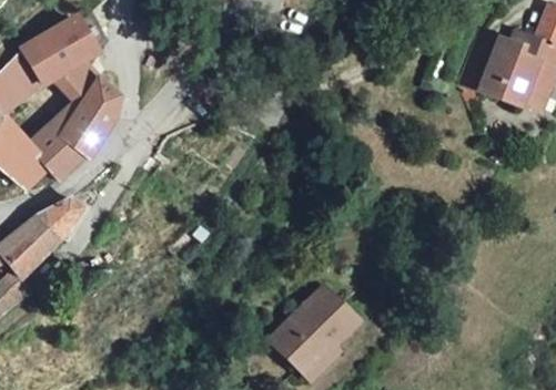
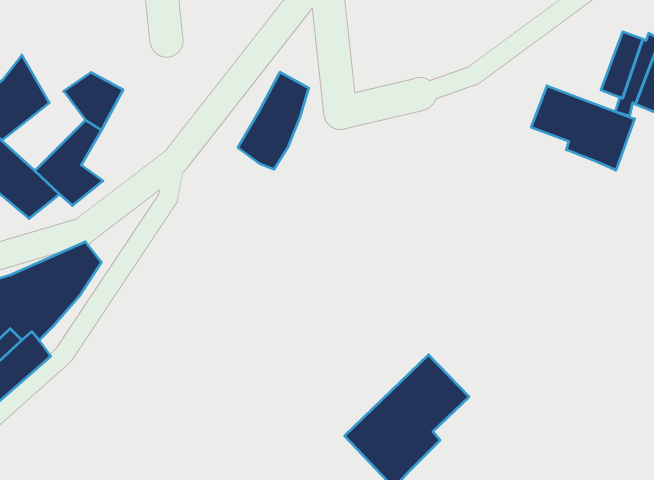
building: [20,17,94,90] -> none
building: none -> [531,86,635,170]
building: [65,80,120,154] -> [238,72,309,169]

